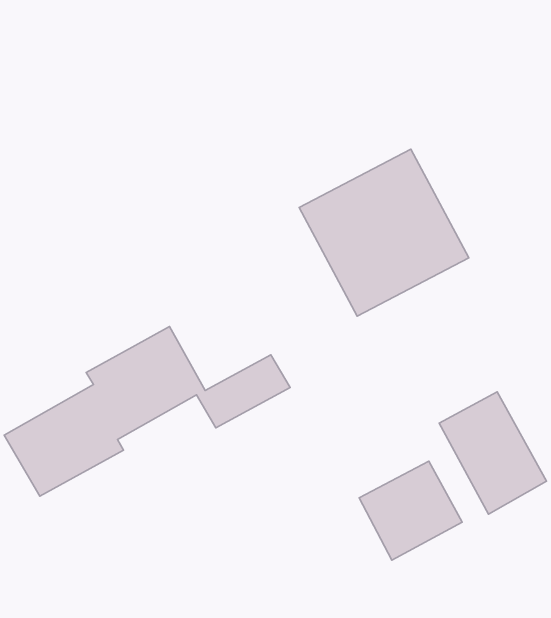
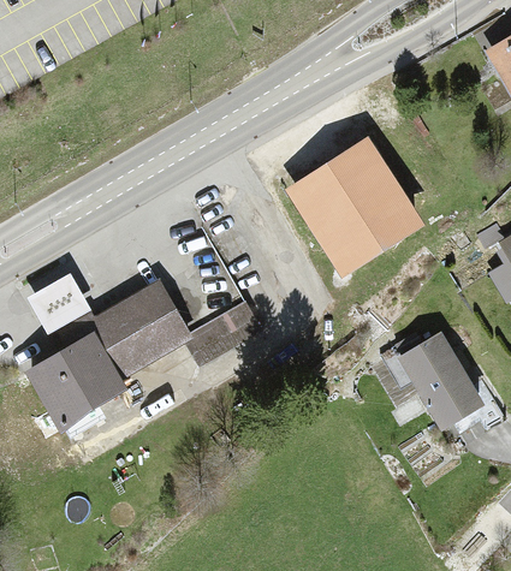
building: [359,461,462,560] -> none

